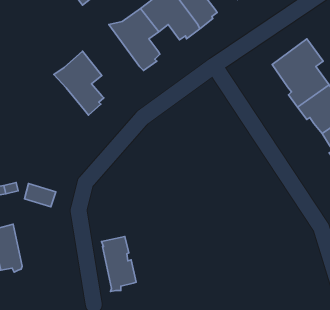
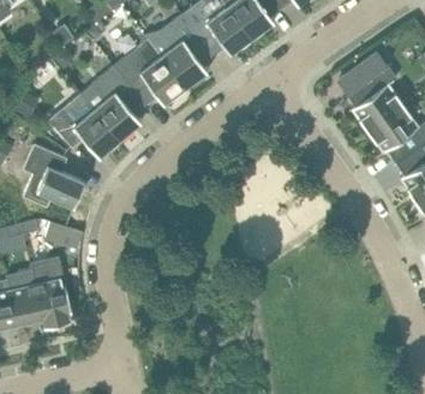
building: none -> [113,35,185,103]
building: none -> [48,103,120,156]
building: none -> [22,144,80,209]
building: [101,236,136,291] -> [30,258,71,323]

